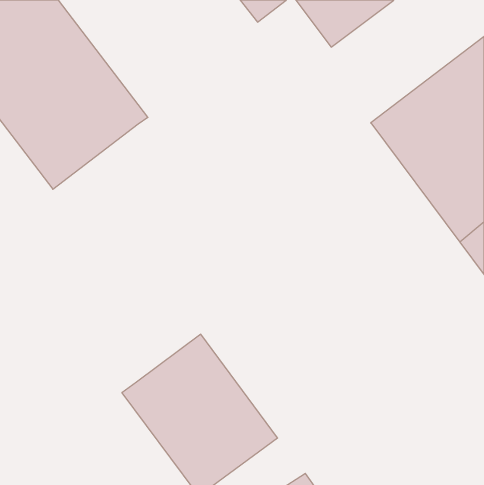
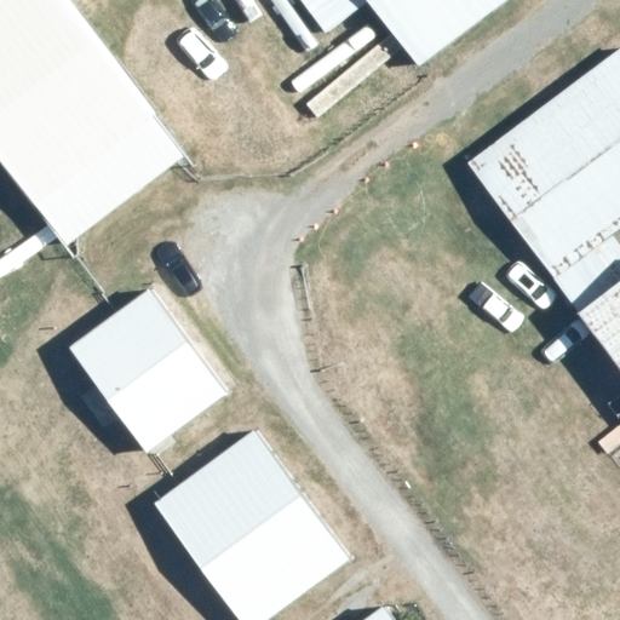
building: none -> [67,285,229,453]

